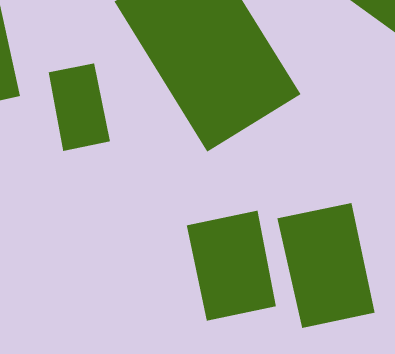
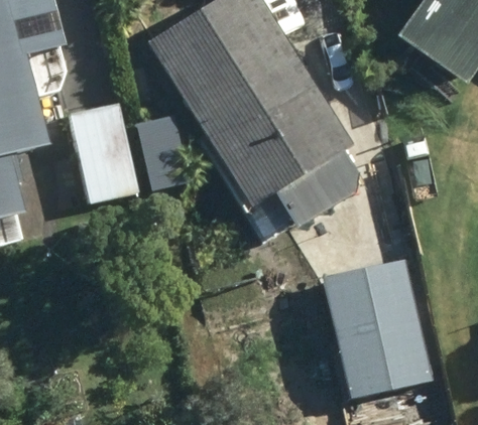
building: [186,210,277,322] -> none

